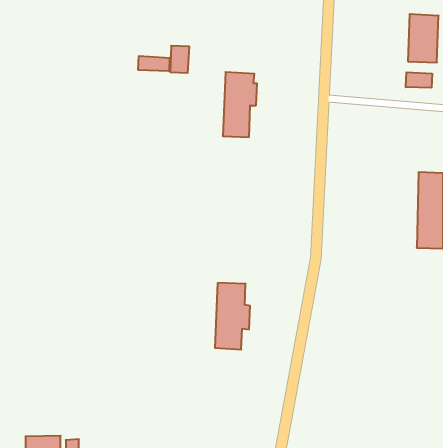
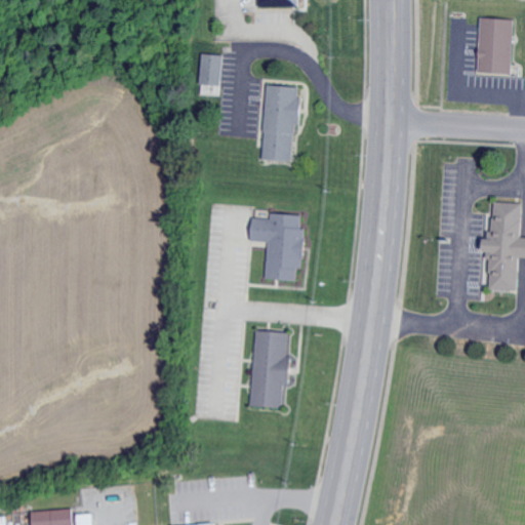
building: [138,56,170,71] -> none
building: [406,72,432,88] -> none
building: none -> [249,213,306,281]

